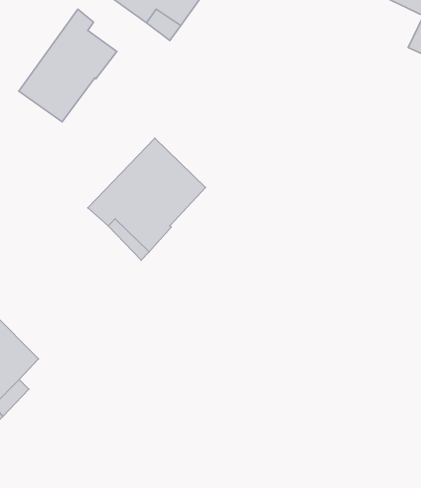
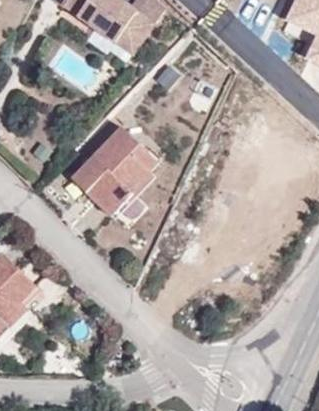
building: [19,9,117,122] -> none

